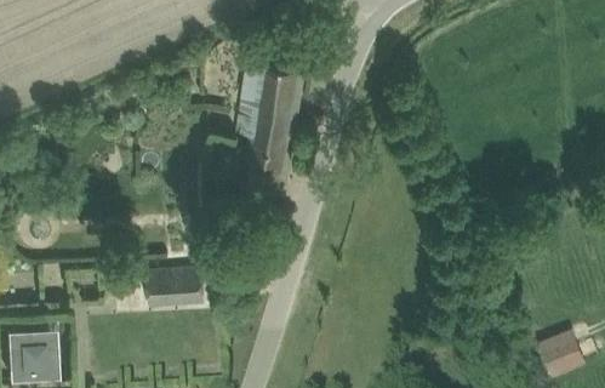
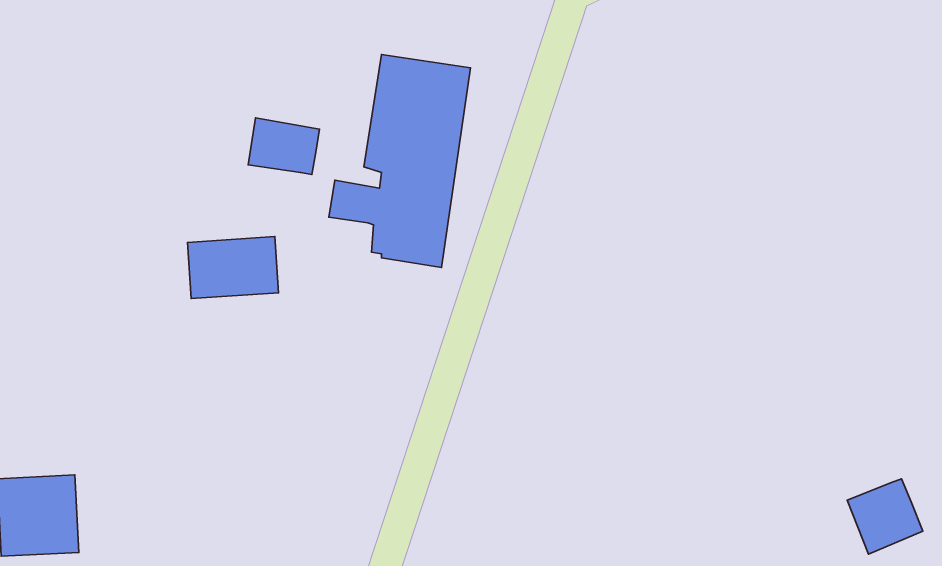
building: none -> [248,118,320,174]
building: [147,268,204,307] -> [187,237,279,299]

